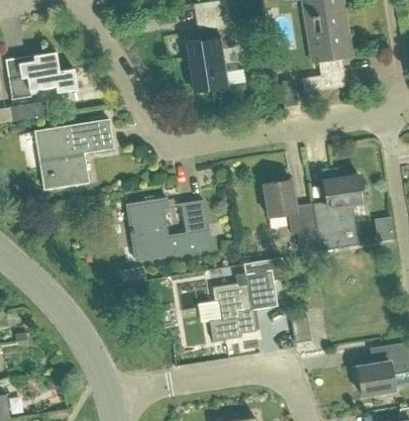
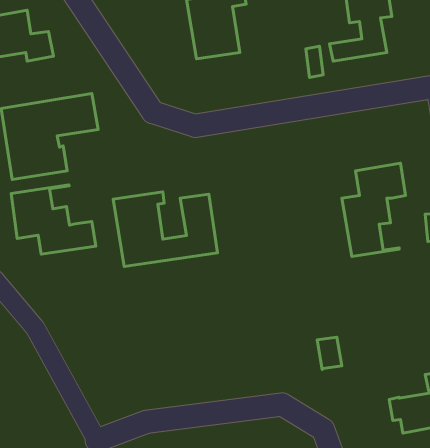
building: [262,181,319,254] -> none
building: none -> [11,185,96,254]
building: [210,258,284,339] -> none

